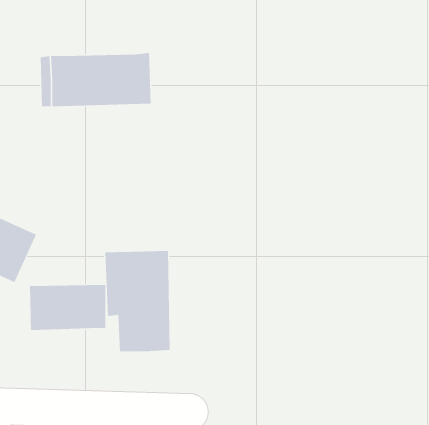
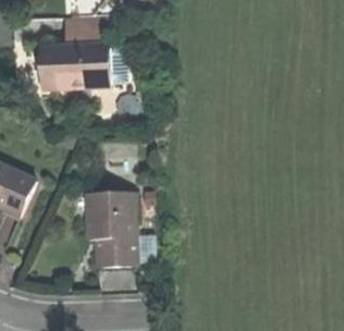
building: none -> [63,17,109,48]
building: [29,284,106,331] -> none

